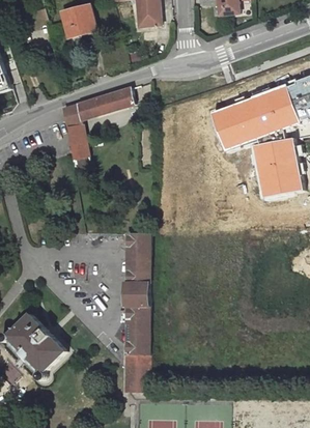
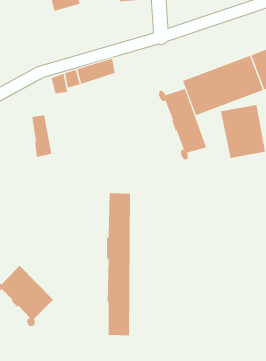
building: none -> [158,88,207,160]
building: [67,124,90,171] -> [31,115,52,158]

